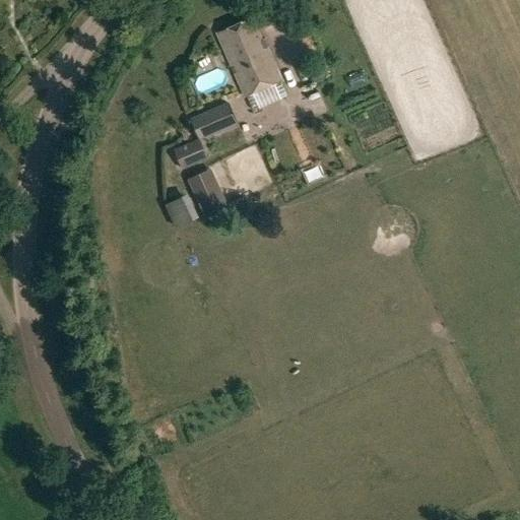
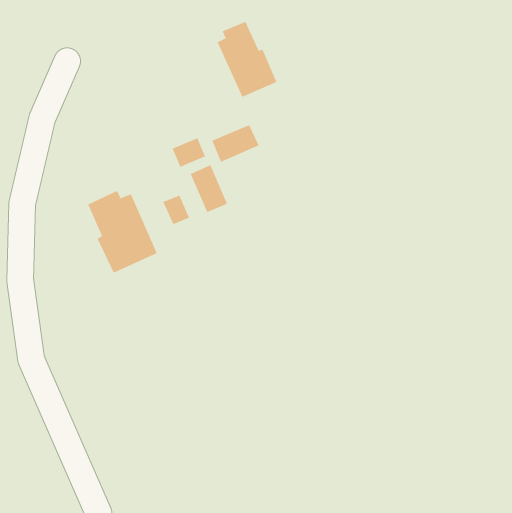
building: [188,101,237,139] -> [211,124,260,163]
building: none -> [87,190,157,274]

